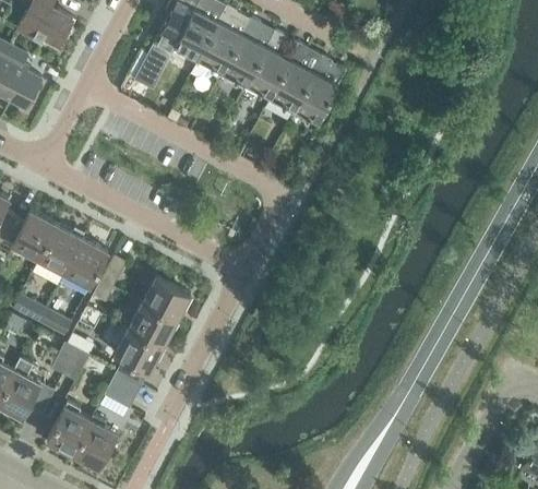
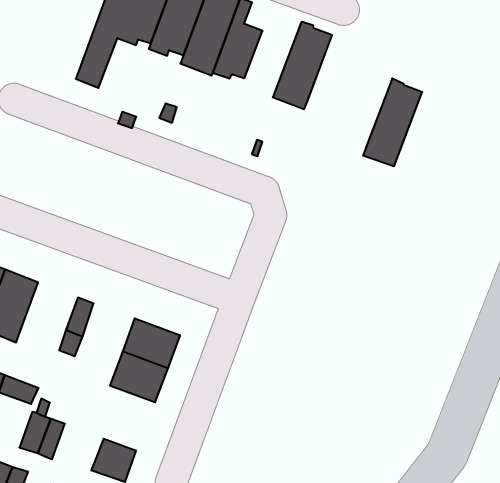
building: [267,43,322,114] -> [363,78,422,166]
building: [60,238,108,294] -> none
building: [116,329,164,384] -> none

